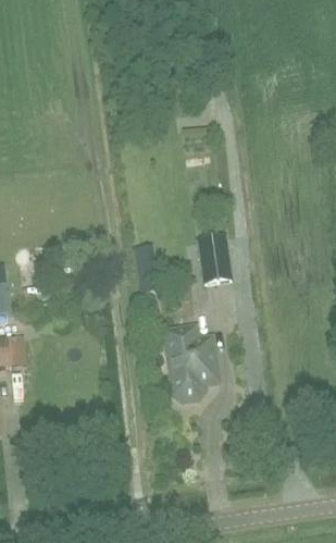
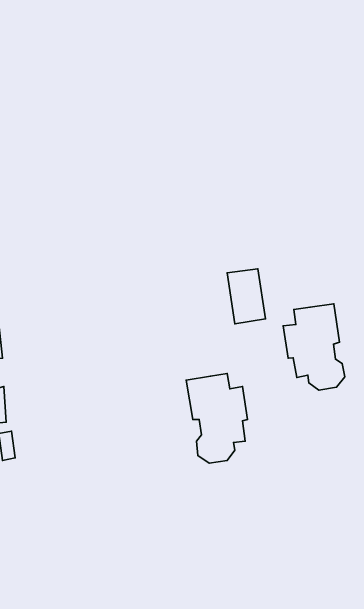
building: none -> [283,304,345,390]

